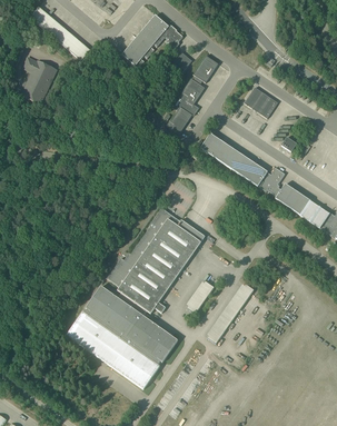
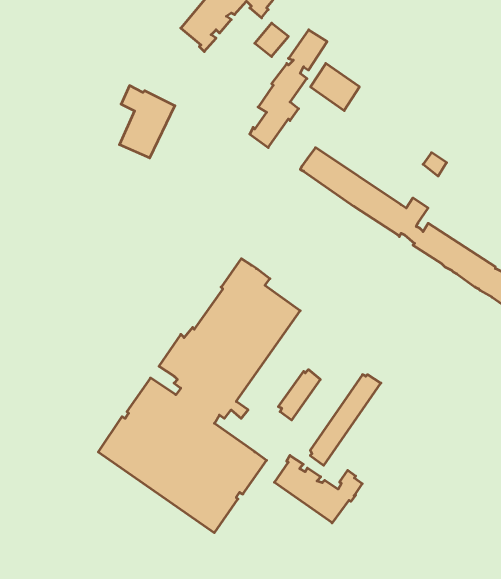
building: [20,56,57,103] -> [119,86,175,158]
building: [245,86,277,117] -> [311,63,359,111]
building: none -> [274,455,362,523]

